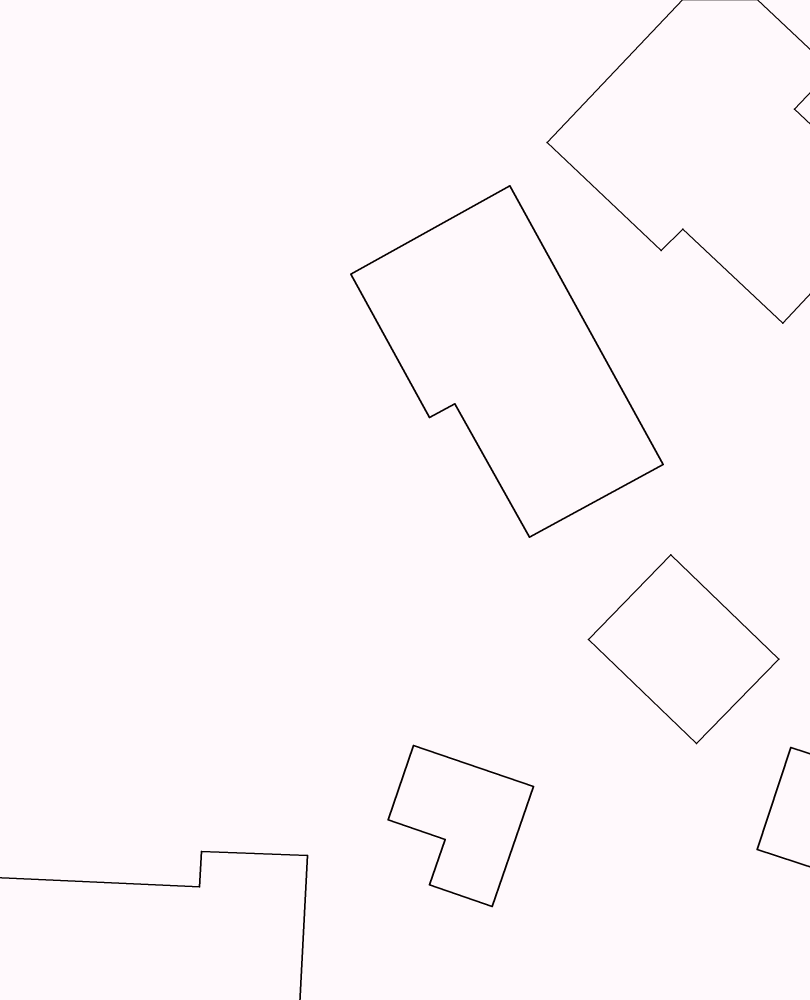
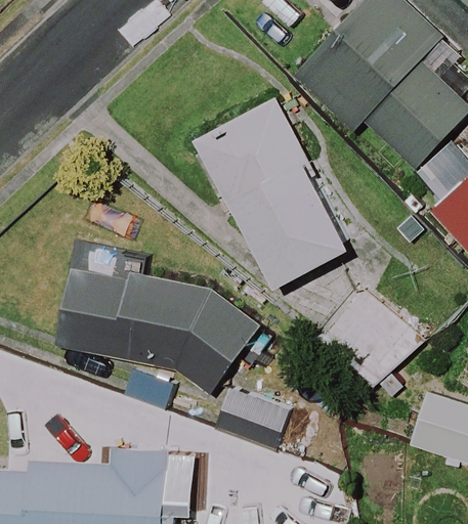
building: none -> [55,262,255,393]

